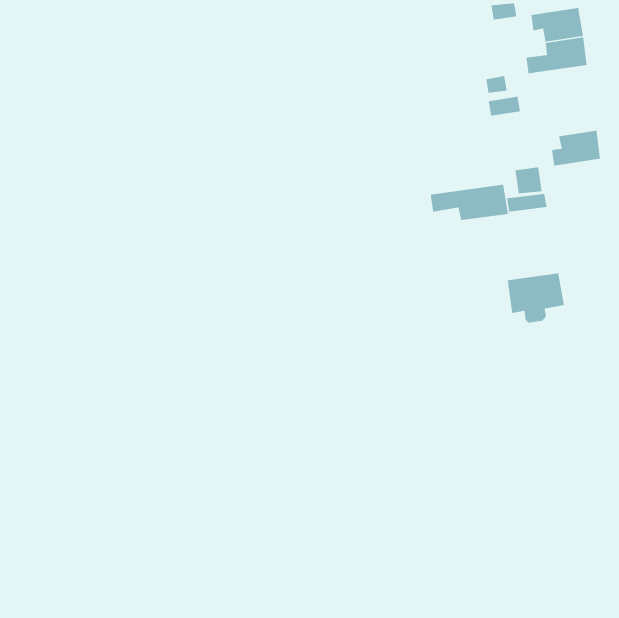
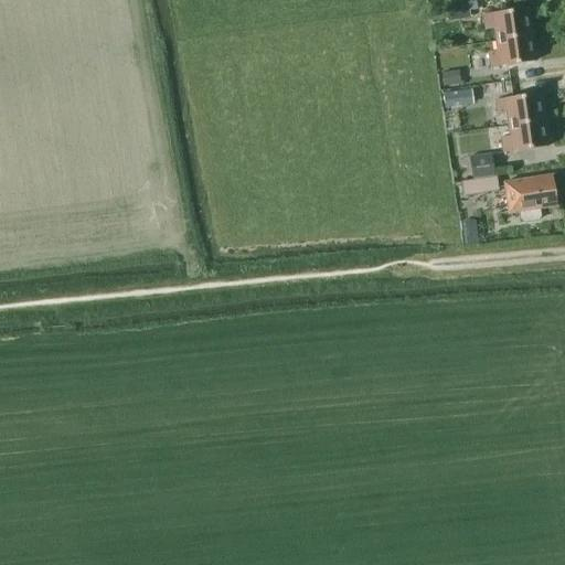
building: none -> [497,92,544,124]
building: [430,184,509,221] -> none
building: [507,273,565,324] -> [504,174,557,221]

